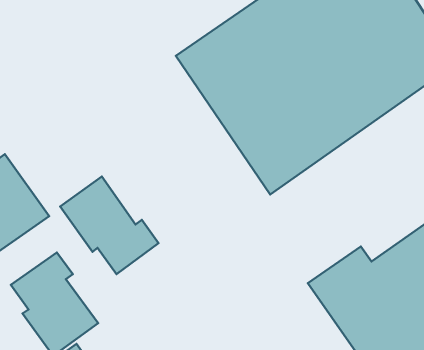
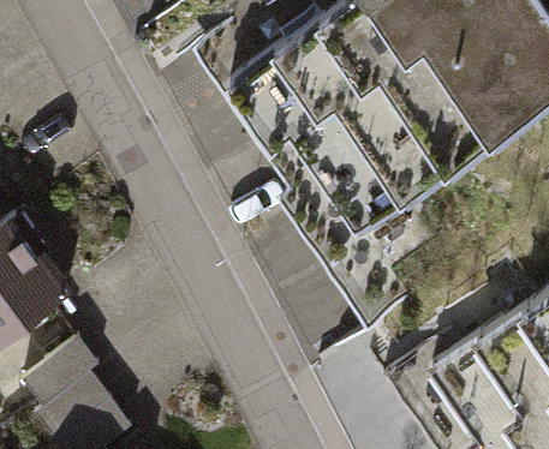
building: [60,177,158,274] -> none

